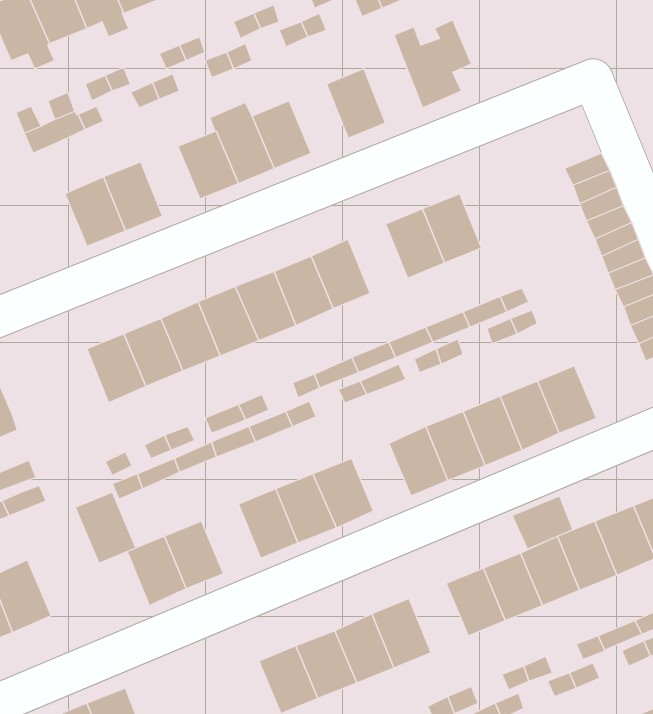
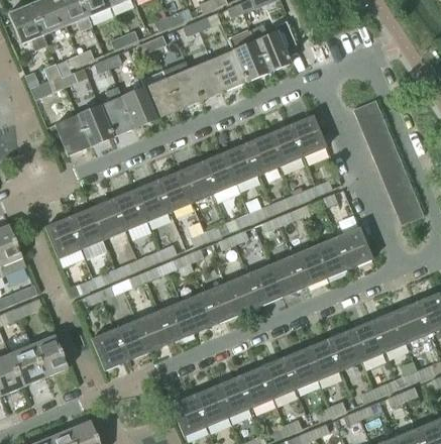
building: none -> [229,29,268,82]
building: none -> [189,59,224,100]
building: none -> [100,86,135,137]
building: none -> [291,115,326,156]
building: none -> [224,142,259,184]
building: none -> [45,217,81,258]
building: none -> [226,273,261,314]
building: [75,492,136,563] -> [32,334,69,376]
building: [512,496,573,549] -> none
building: none -> [136,310,172,351]
building: none -> [260,357,296,399]

